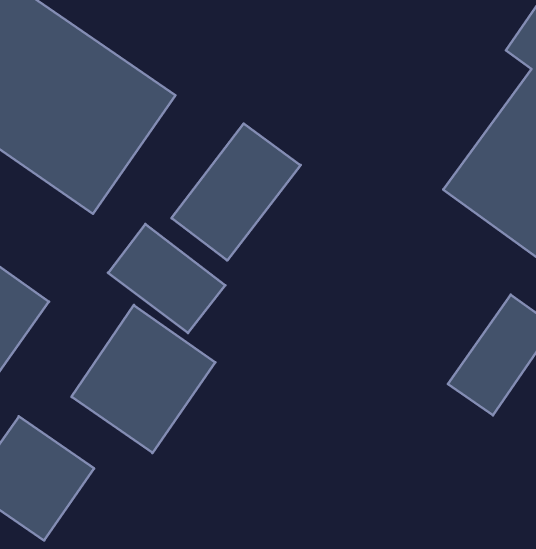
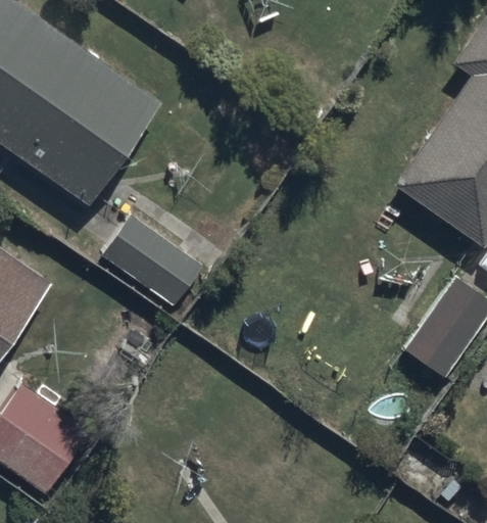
building: [172,124,301,260] -> none
building: [72,305,215,453] -> none

